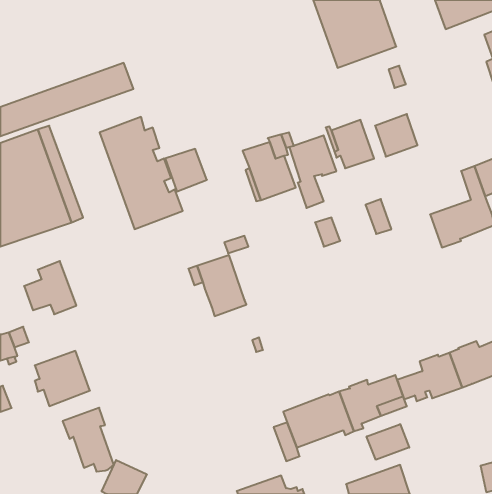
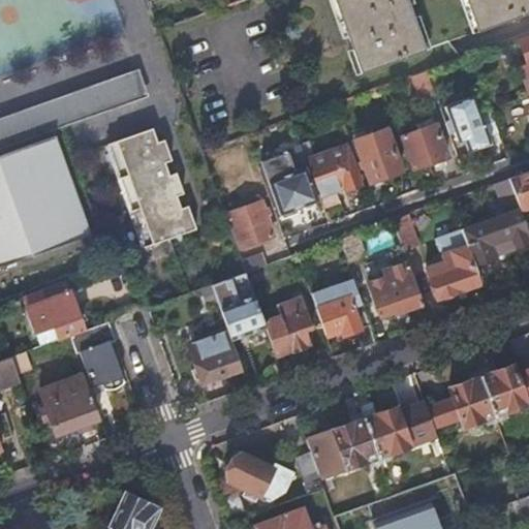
building: none -> [448,95,492,150]
building: [165,149,207,191] -> [229,201,274,247]
building: none -> [426,229,480,298]
building: none -> [370,261,423,315]
building: none -> [310,277,376,345]
building: none -> [263,299,310,354]
building: none -> [187,329,242,381]
building: [63,408,114,472] -> [69,320,124,388]
building: none -> [226,453,293,500]
building: [367,424,409,460] -> none

